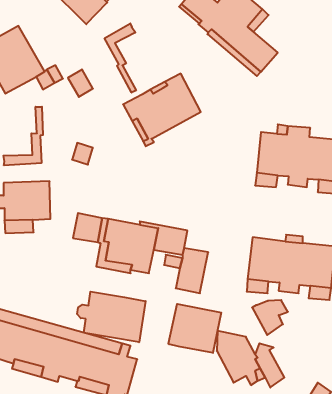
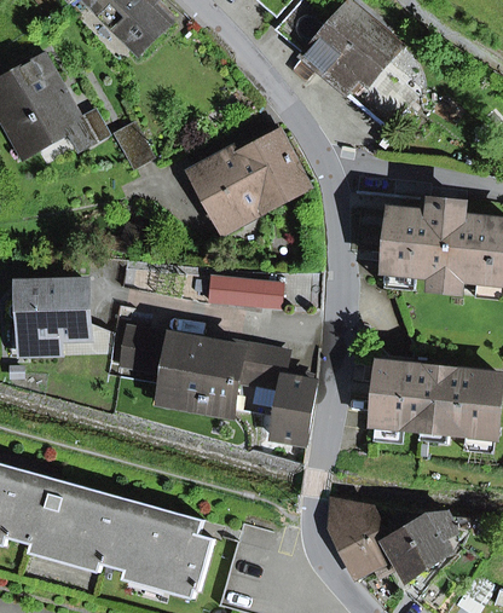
building: [105,23,136,93] -> none
building: [3,107,43,165] -> none
building: none -> [208,276,282,307]
building: [77,292,146,342] -> none
building: [252,300,288,335] -> [404,514,456,565]
building: [169,304,221,353] -> none

